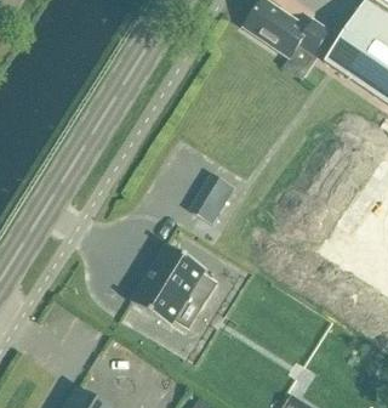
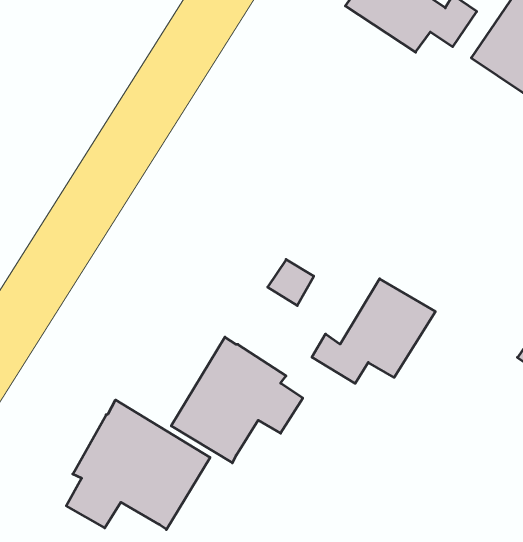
building: none -> [312,279,435,383]
building: none -> [66,400,210,530]

